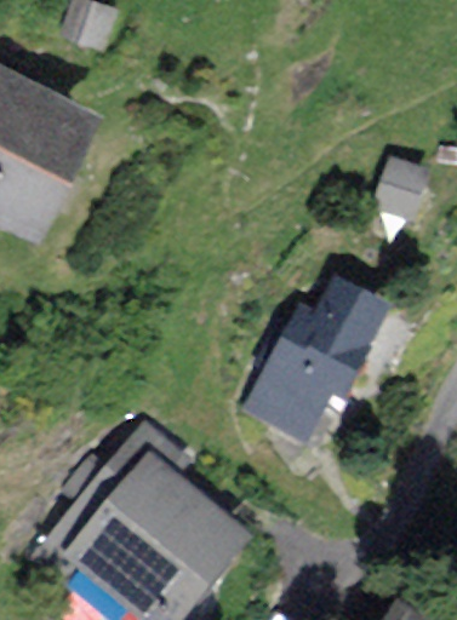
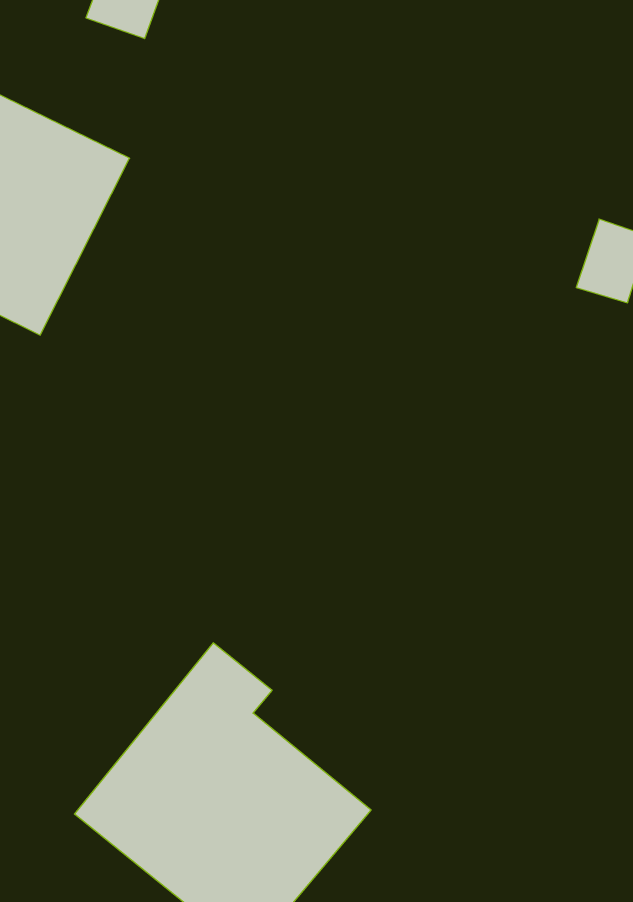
building: [253,283,387,434] -> none

